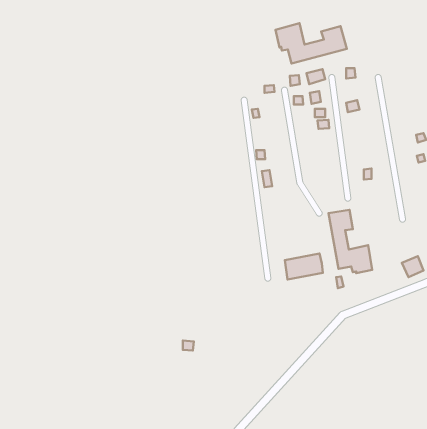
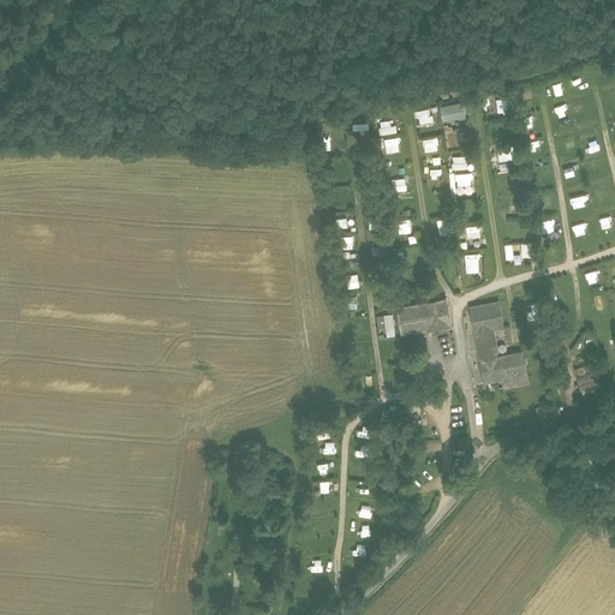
building: [275,23,347,63] -> none
building: [285,253,323,279] -> [395,299,449,336]

